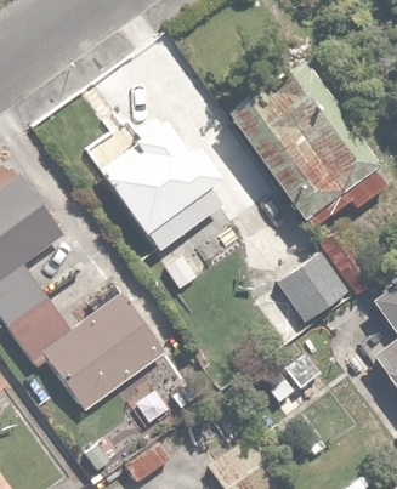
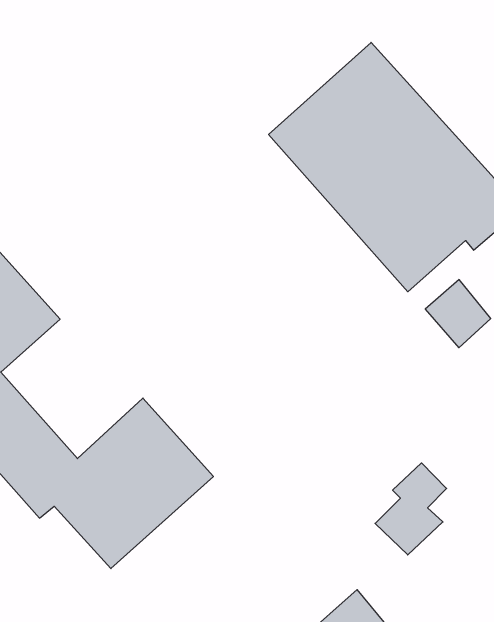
building: [98,121,225,258] -> none
building: [280,256,350,326] -> none

